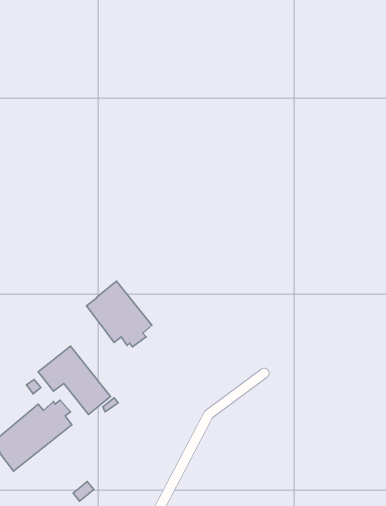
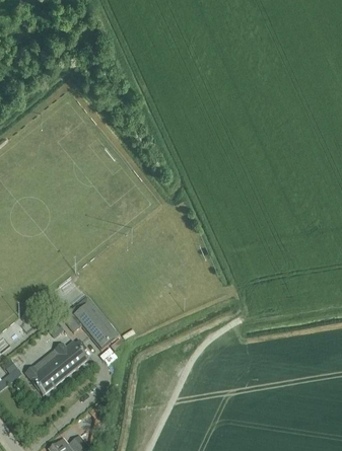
building: [87,281,152,347] -> none

